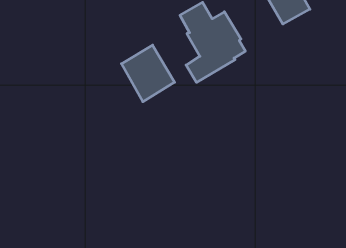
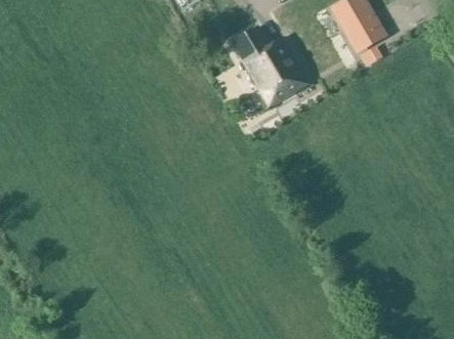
building: [121,45,175,102] -> none

